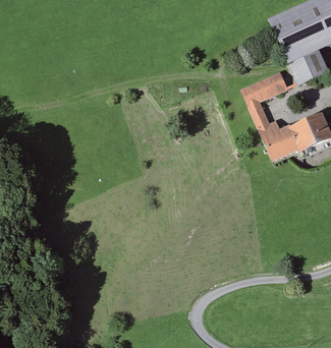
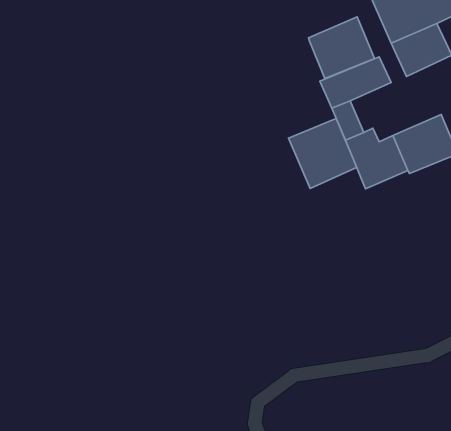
building: none -> [308,17,375,79]
building: none -> [289,119,357,189]

